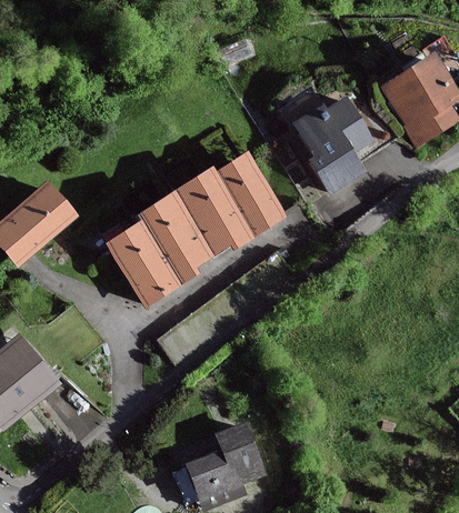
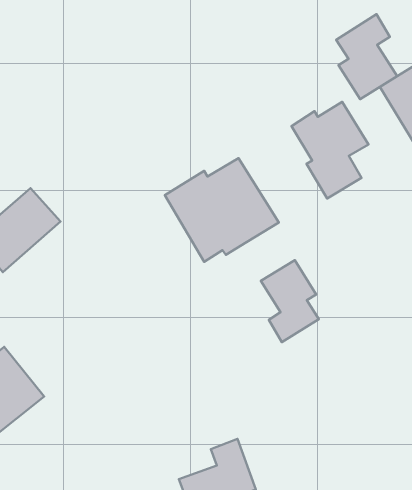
building: none -> [336,14,397,99]
building: [107,190,212,304] -> none
building: none -> [261,260,319,342]

